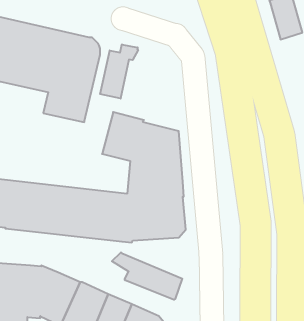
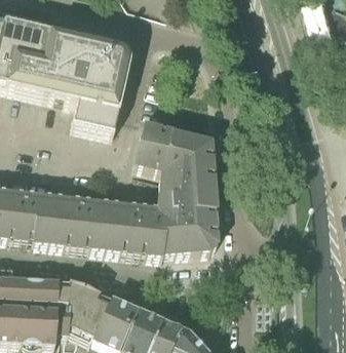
building: [100,44,138,99] -> none
building: [112,252,182,300] -> none

